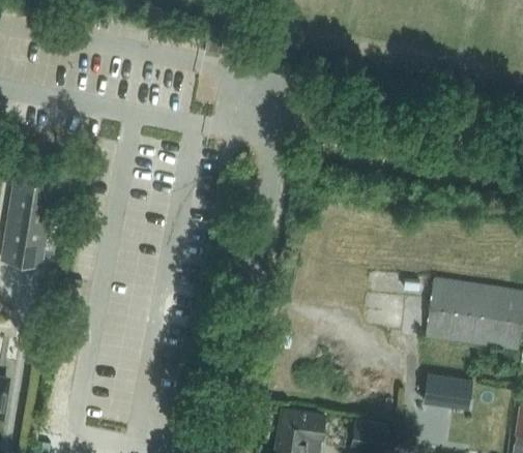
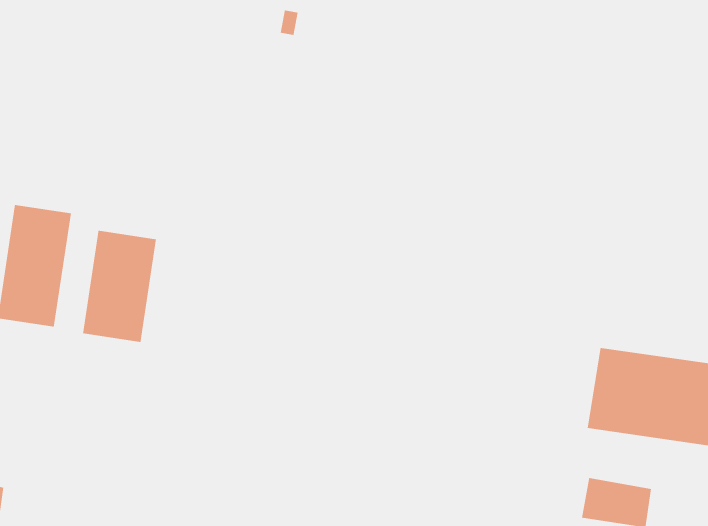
building: none -> [82,230,157,343]

